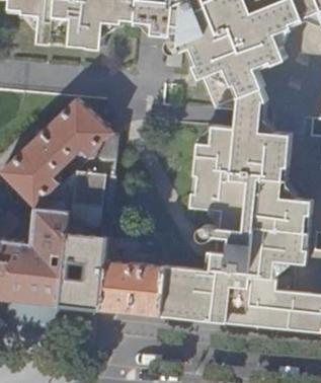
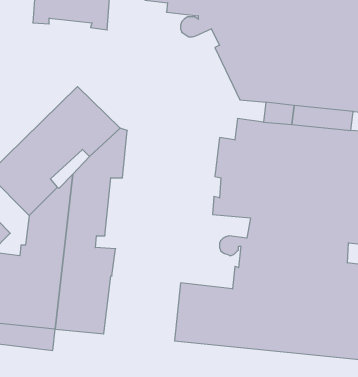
building: [98,251,164,315] -> none

